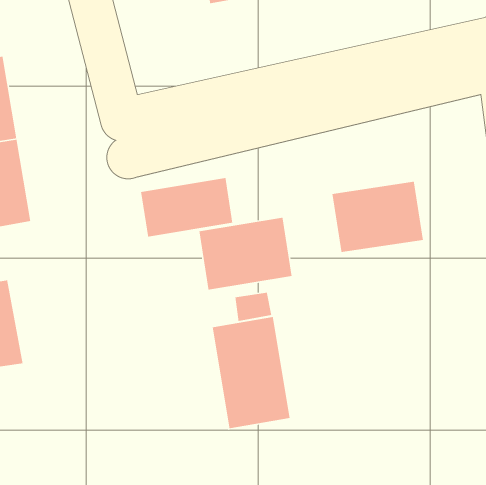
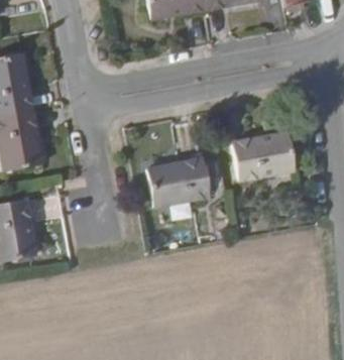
building: [140,177,233,237] -> none
building: [212,316,290,429] -> none

